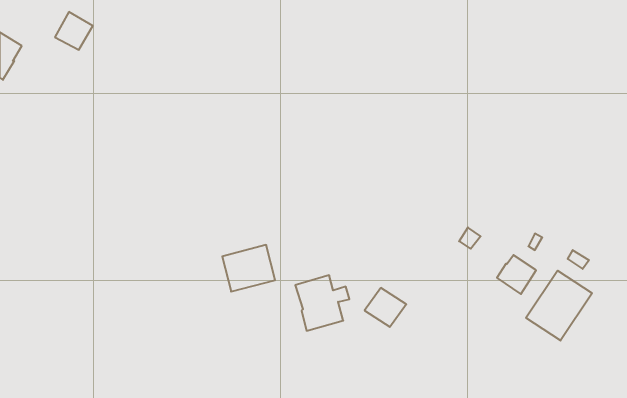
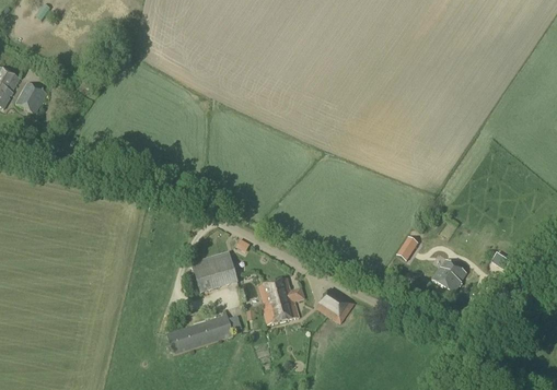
building: [55,12,93,50] -> [14,82,47,115]
building: [526,271,592,341] -> none
building: none -> [165,311,233,355]

